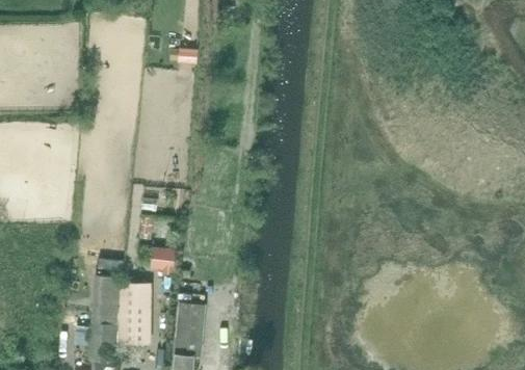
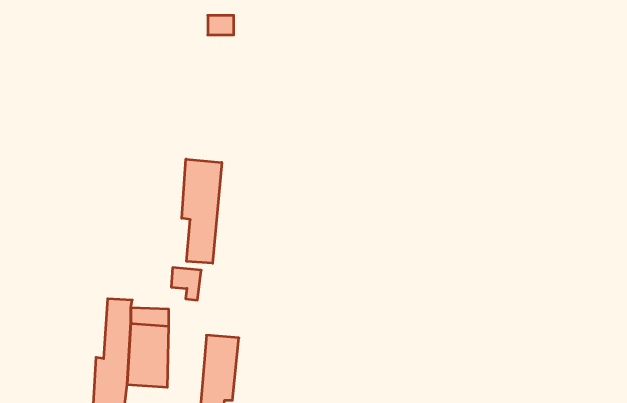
building: none -> [182,159,222,263]

